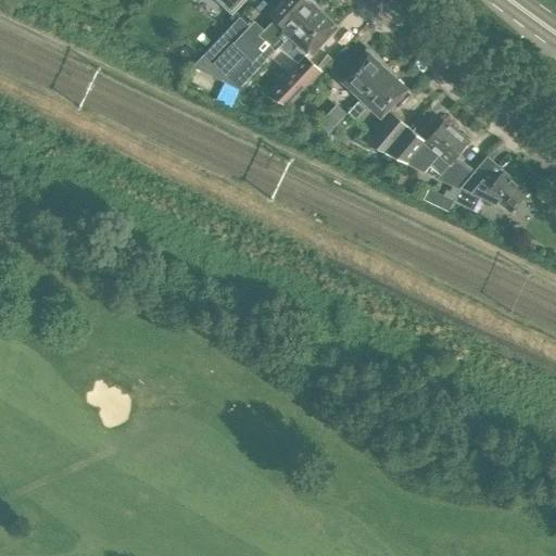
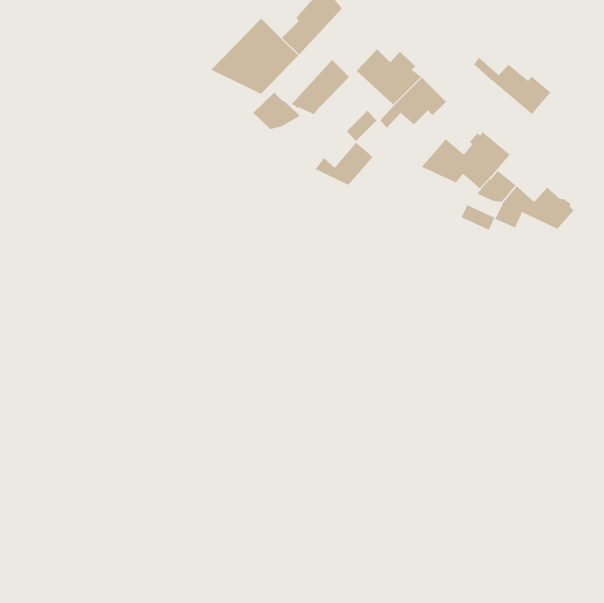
building: [290,8,334,52] -> none
building: none -> [474,57,551,115]
building: none -> [253,92,300,130]
building: [355,113,409,153] -> [314,142,374,186]

